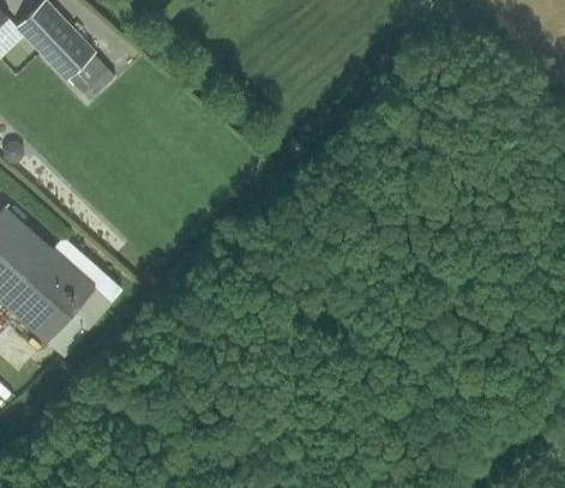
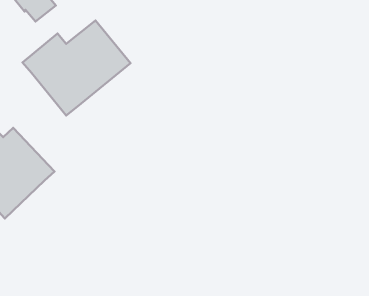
building: none -> [23,20,131,116]

